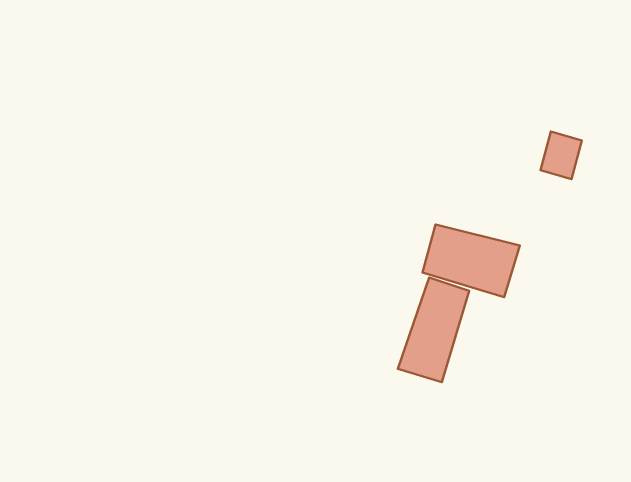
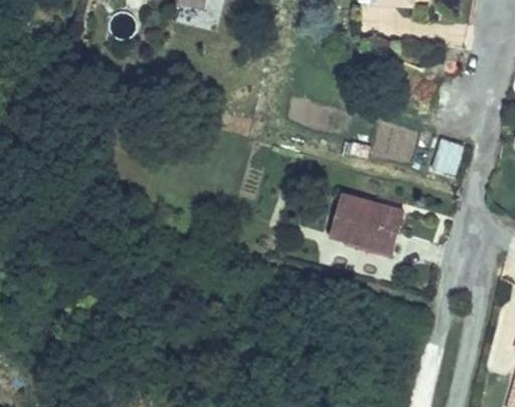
building: [398,277,469,382] -> none

